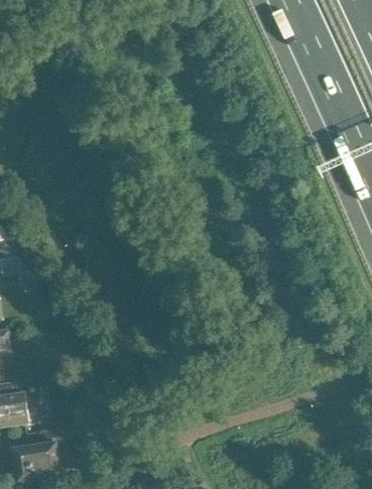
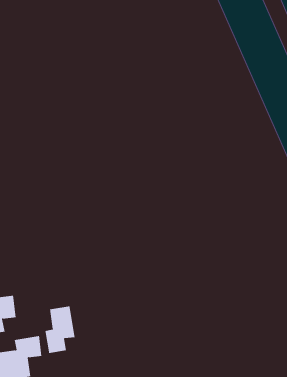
building: none -> [45,306,75,354]

